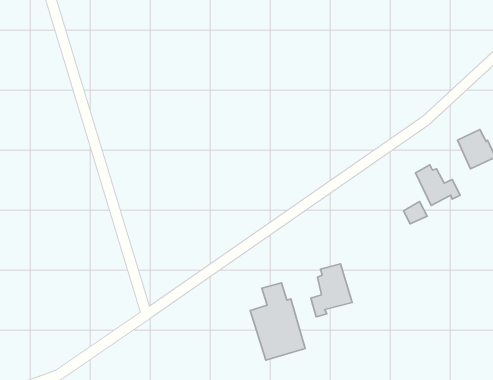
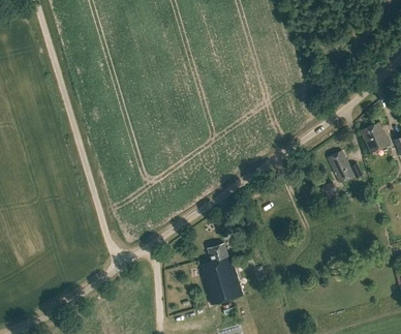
building: [311,264,352,317] -> none

